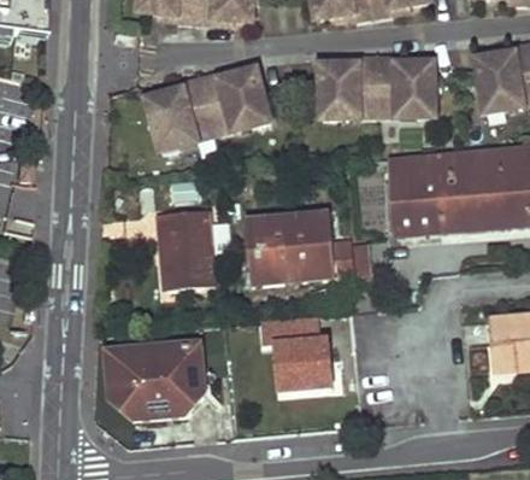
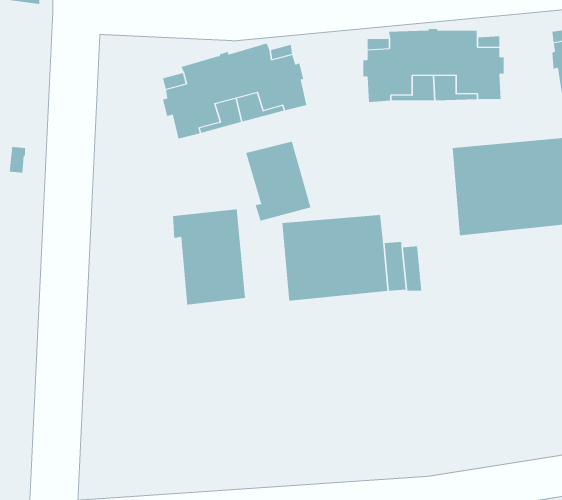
building: none -> [246,141,311,221]
building: [257,315,330,392] -> none
building: [110,344,207,421] -> none

